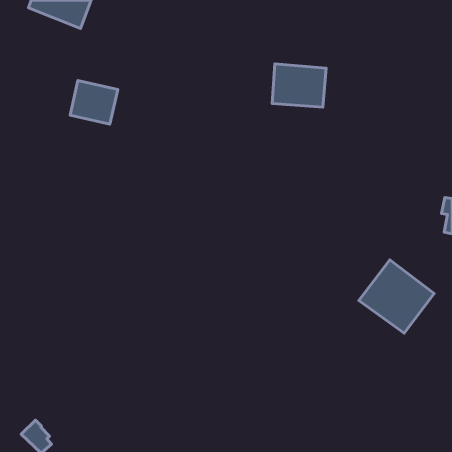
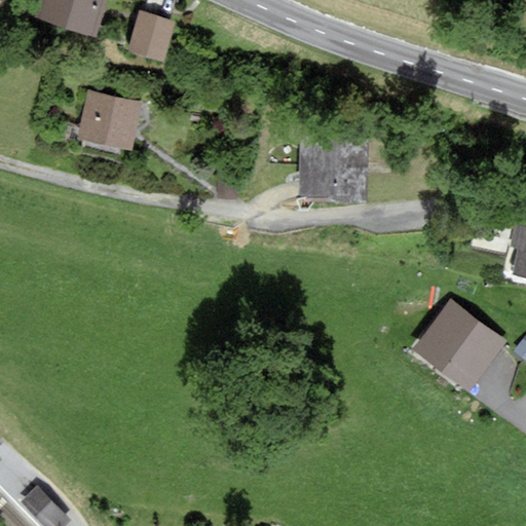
building: none -> [133,14,171,59]
building: [272,64,326,107] -> [303,144,366,194]

